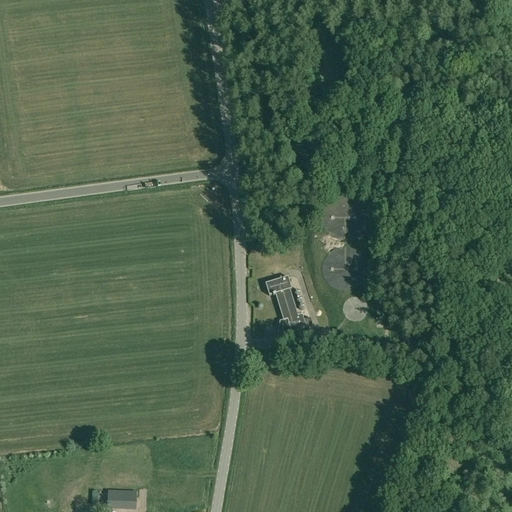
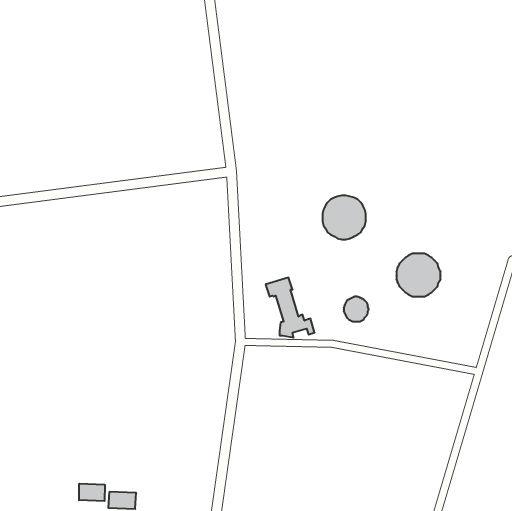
building: [322,247,366,290] -> [396,253,441,297]
building: none -> [79,484,105,501]

